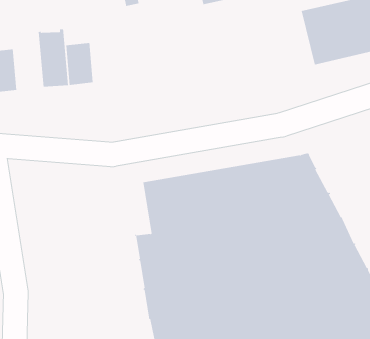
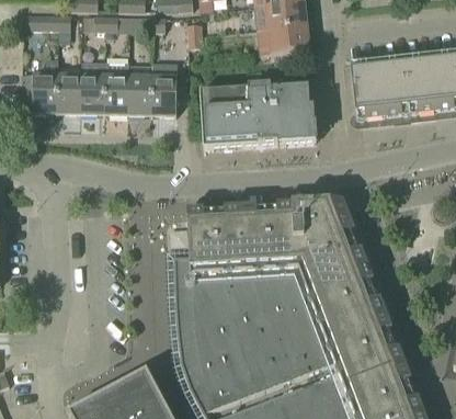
building: none -> [152,64,178,115]
building: none -> [200,83,316,148]
building: none -> [80,61,105,113]

